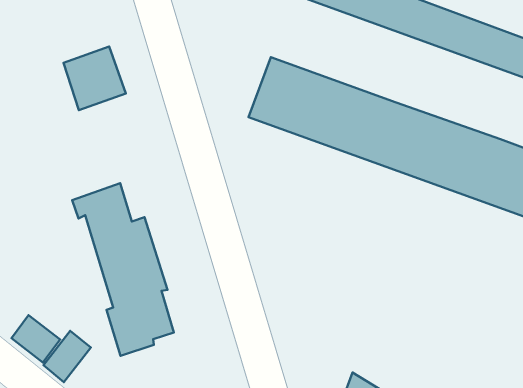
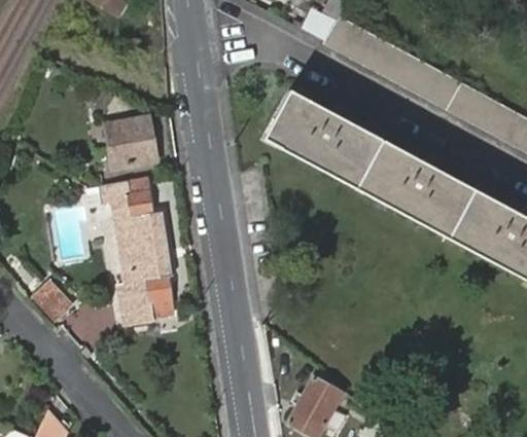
building: [63,46,126,110] -> [106,116,155,167]
building: [43,331,91,382] -> none

